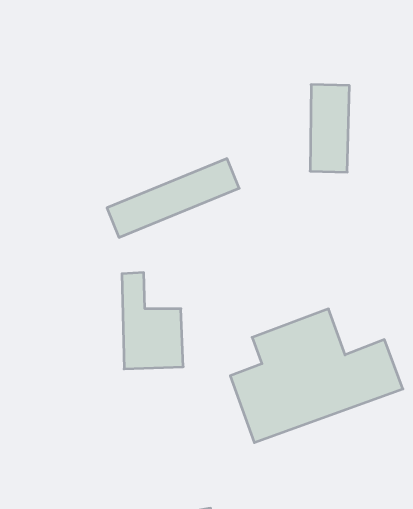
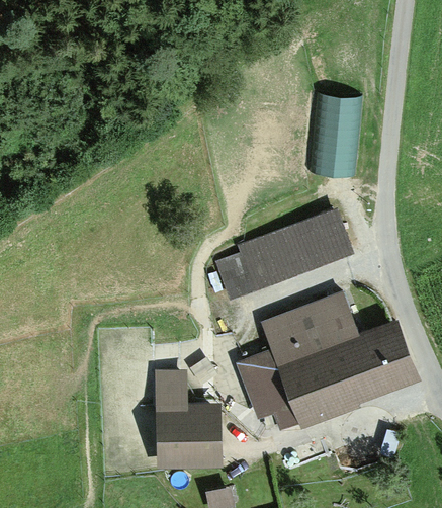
building: [107,159,239,237] -> [223,218,345,290]
building: [122,273,183,369] -> [159,374,215,463]

